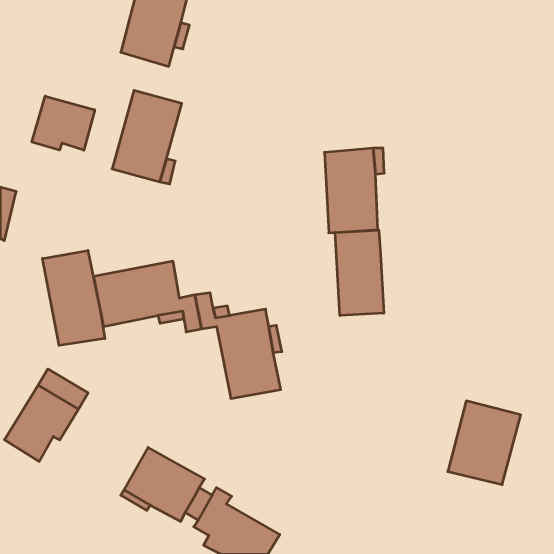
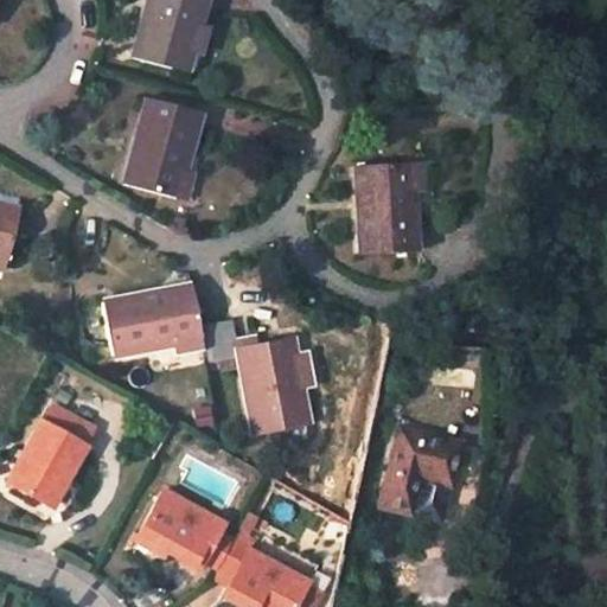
building: [32,96,95,150] -> none
building: [335,230,384,316] -> none
building: [42,250,105,345] -> none
building: [448,401,521,485] -> [381,428,460,519]

